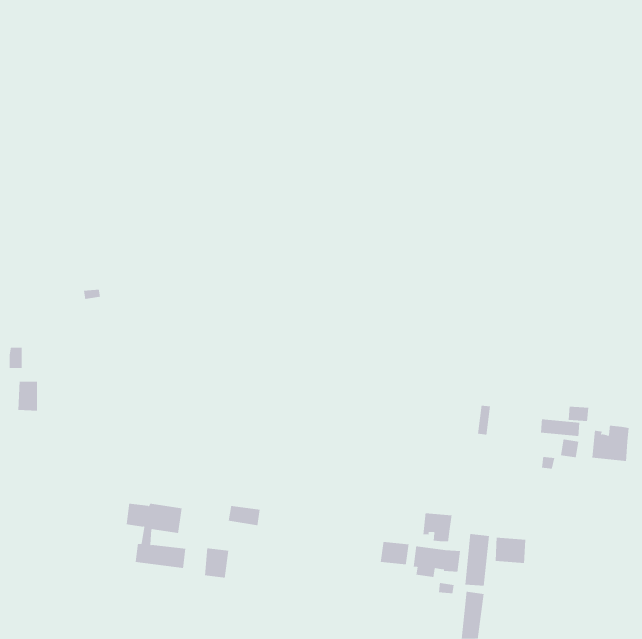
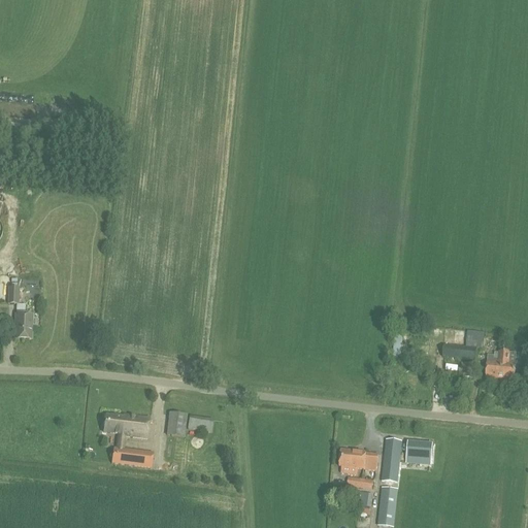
building: [423,512,452,542] -> none
building: [380,541,409,565] -> none
building: [204,548,229,578] -> [166,410,187,435]

